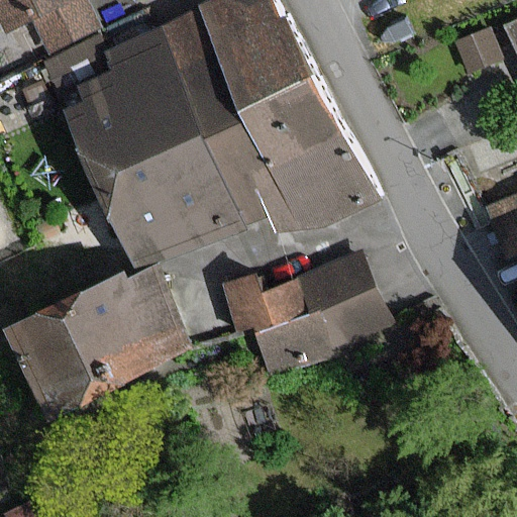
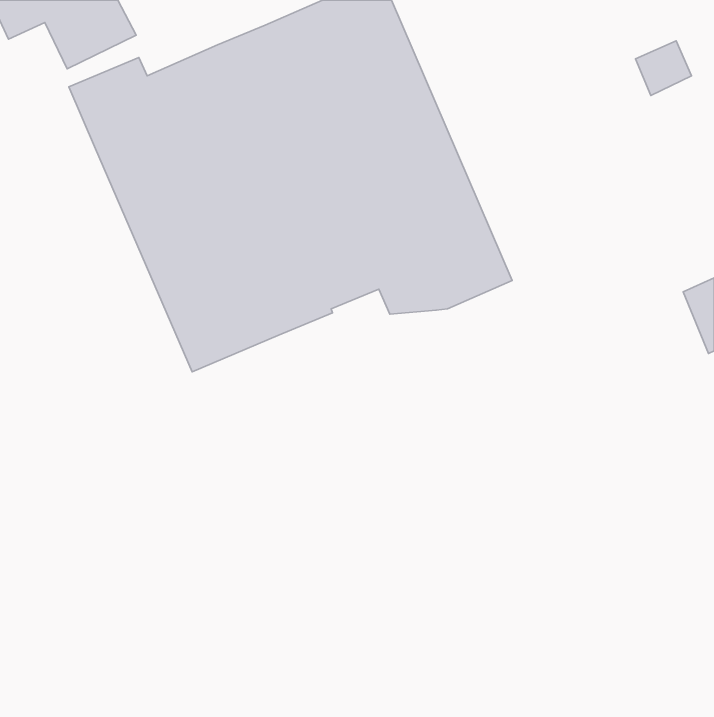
building: [225,258,385,370] -> none
building: [9,272,188,414] -> none

